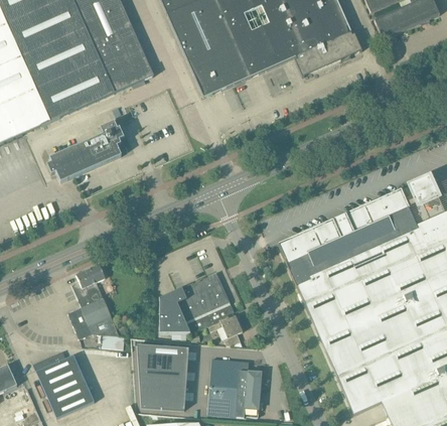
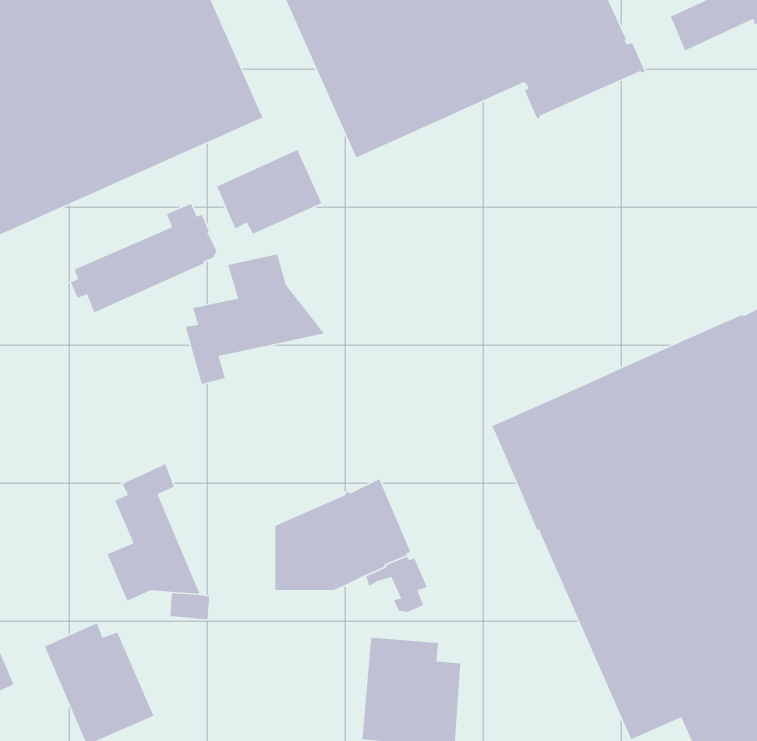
building: none -> [216,149,322,235]
building: none -> [185,253,325,385]
building: [137,343,188,409] -> none

